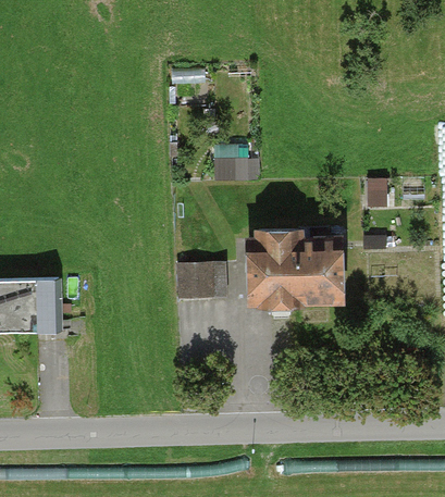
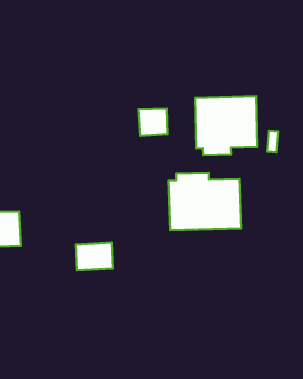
building: none -> [195,96,257,155]
building: [178,264,225,299] -> [76,243,113,270]

